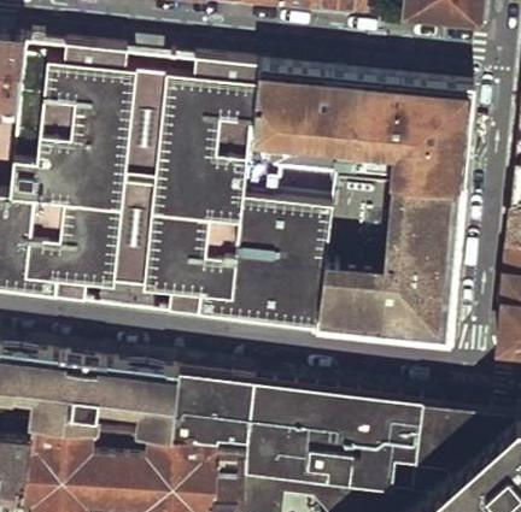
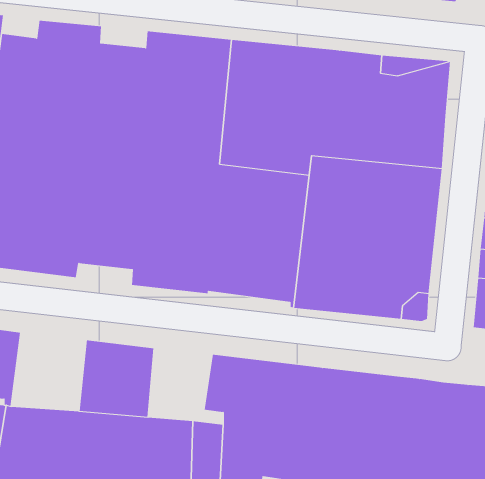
building: [36,358,111,436] -> none
building: [172,373,247,449] -> none

